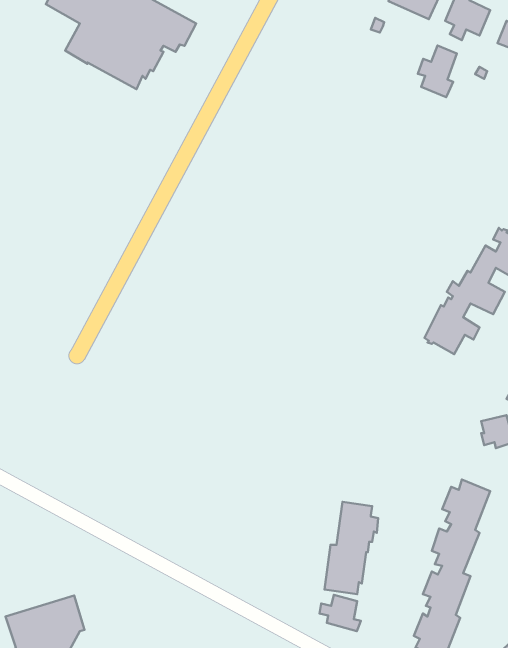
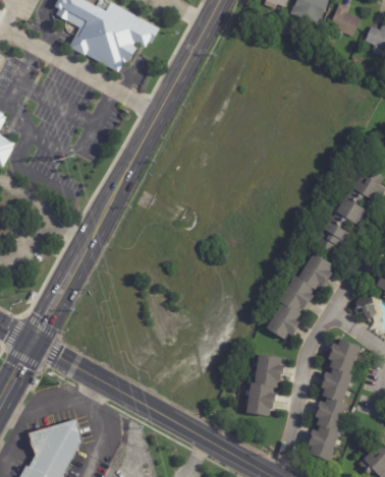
building: [418,46,457,97] -> none
building: none -> [266,252,332,341]
building: [319,595,361,631] -> none

